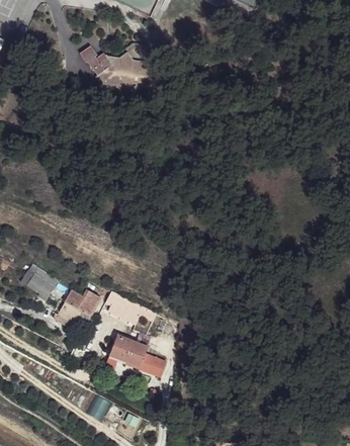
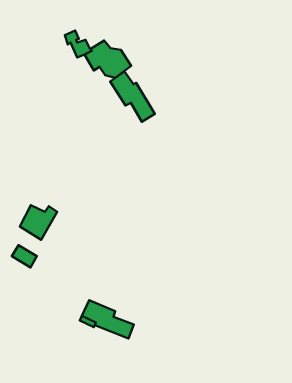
building: none -> [110,71,155,122]
building: [55,291,95,329] -> [20,205,57,240]

